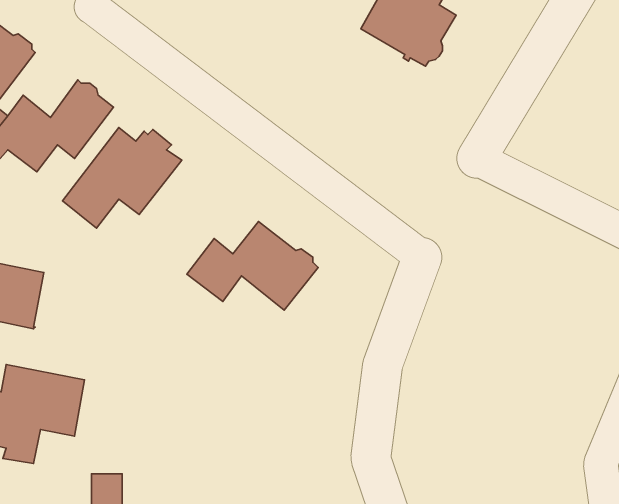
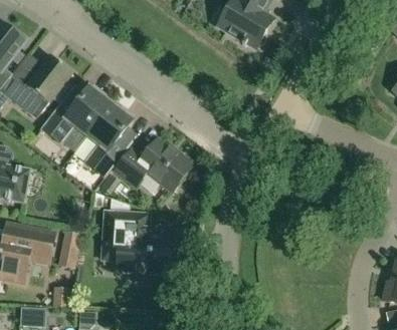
building: none -> [83,102,136,176]
building: none -> [102,211,169,275]
building: none -> [58,229,81,266]

